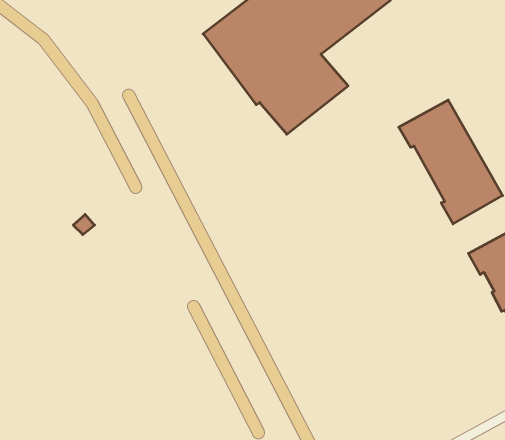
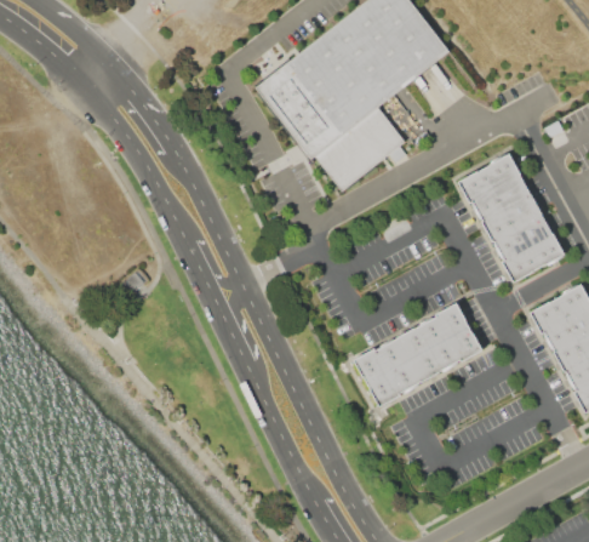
building: none -> [354,302,484,406]

